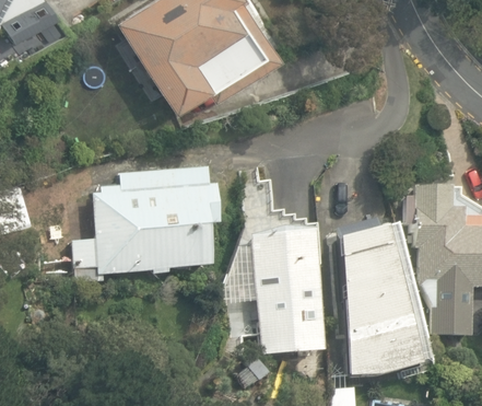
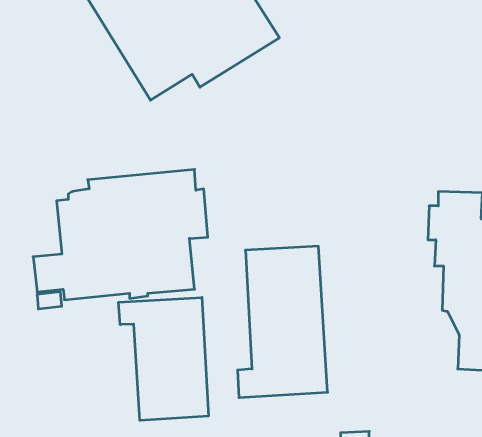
building: [340,228,434,378] -> none
building: none -> [119,297,208,420]

